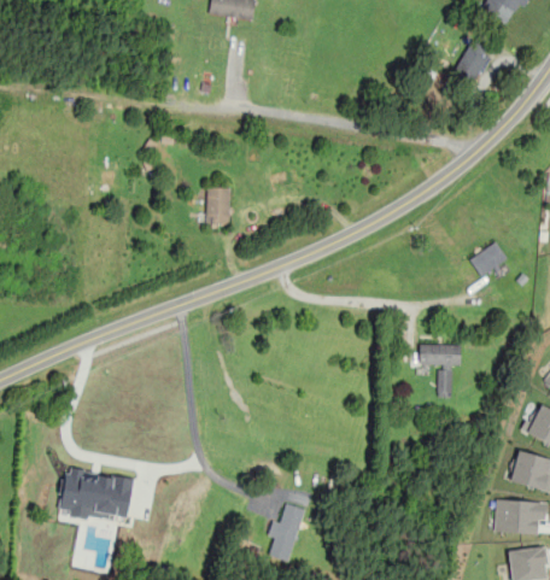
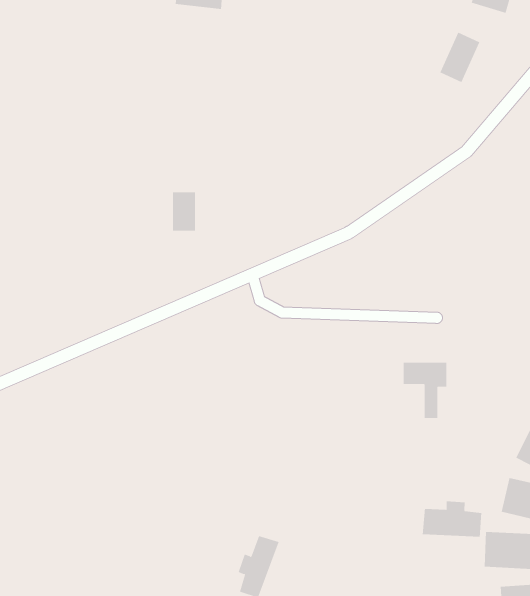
building: [469,240,508,276] -> none
building: [60,468,134,520] -> none
building: none -> [422,501,482,538]

